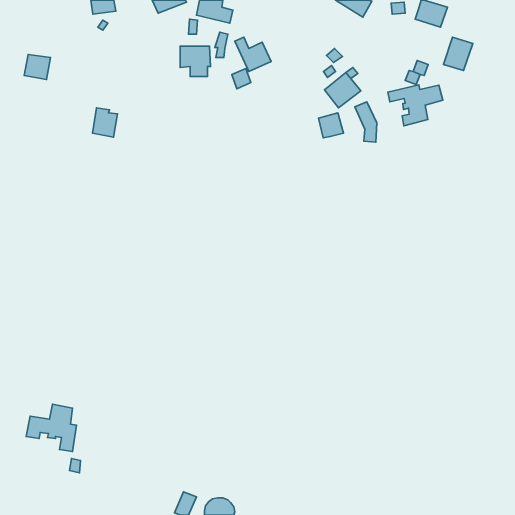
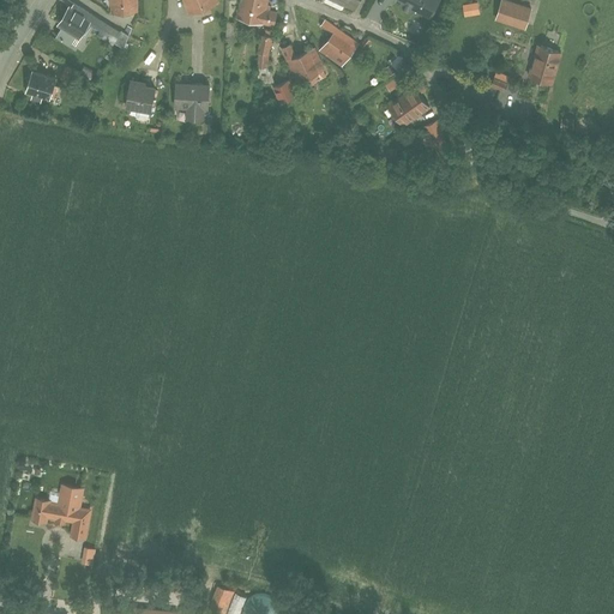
building: none -> [59,7,94,40]
building: none -> [319,20,359,68]
building: [180,46,210,76] -> [173,88,209,124]
building: [388,85,443,126] -> none
building: [92,108,118,137] -> [125,83,155,118]
building: [319,113,343,138] -> none

